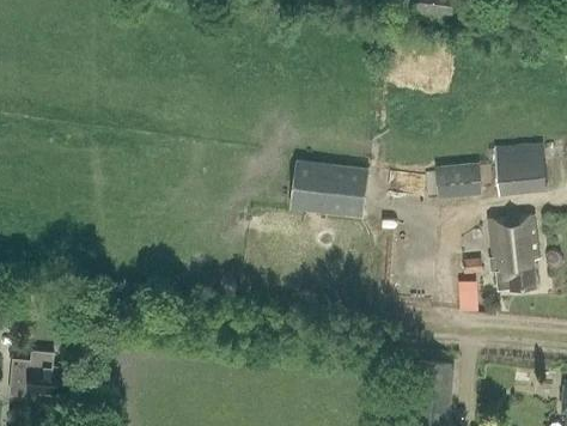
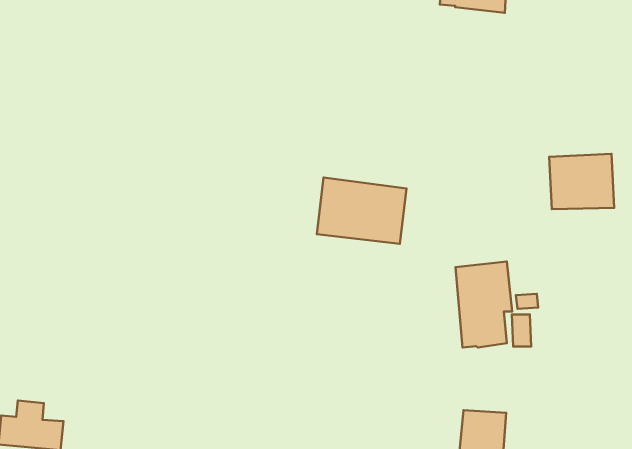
building: [434,164,481,200] -> none
building: [490,218,539,292] -> [456,262,512,347]

